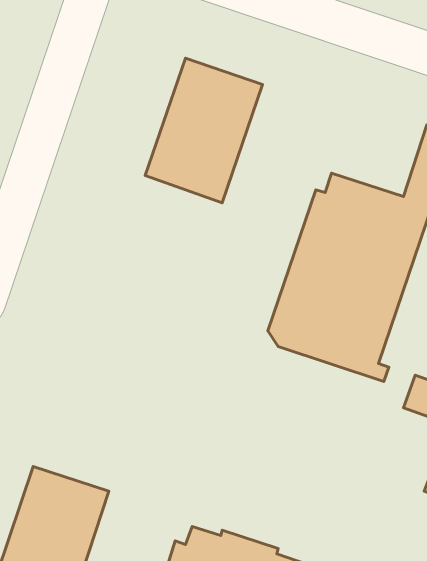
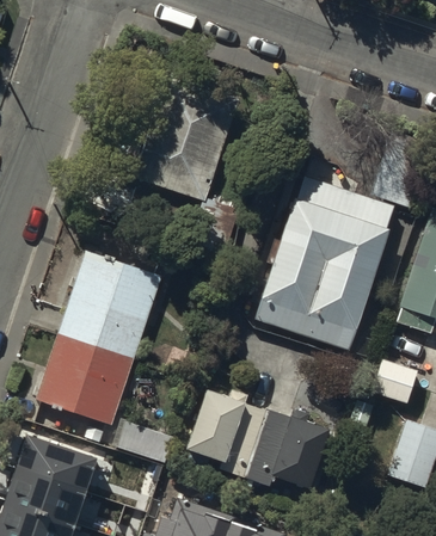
building: none -> [35,241,166,425]
building: none -> [186,381,330,483]

